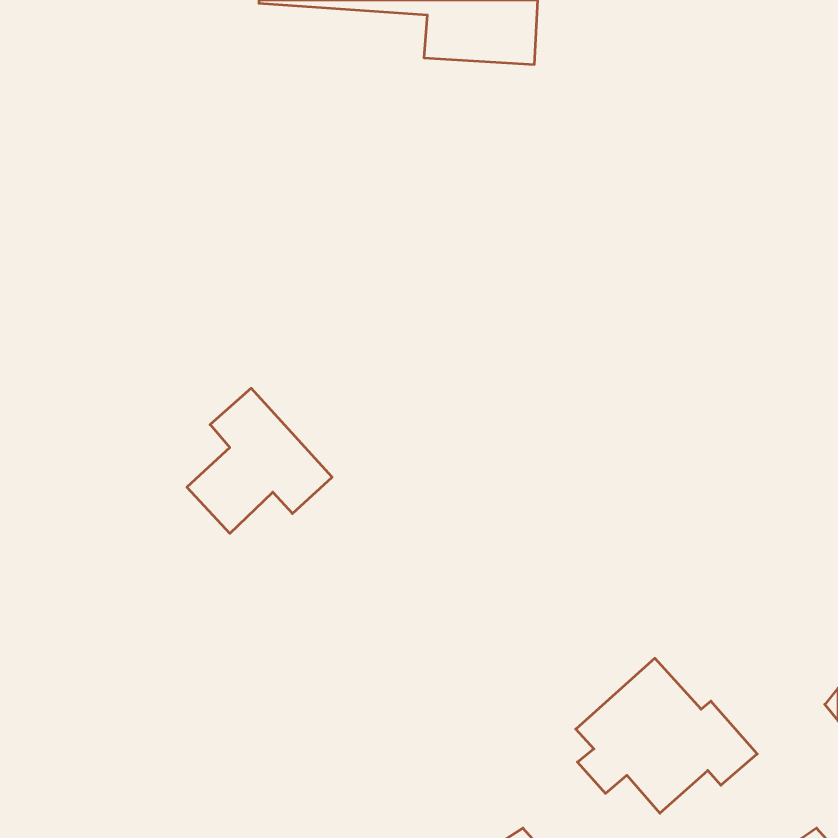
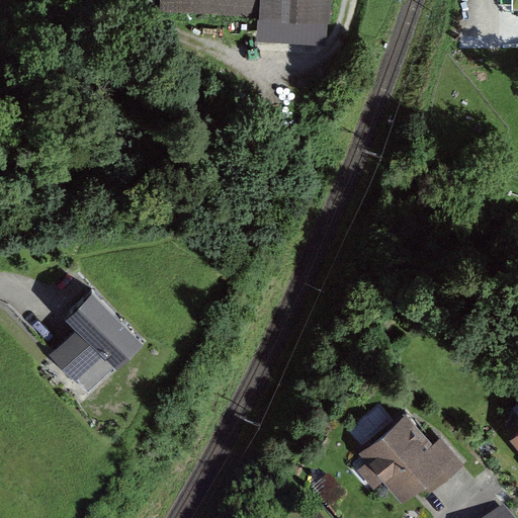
building: [187,388,332,533] -> [50,296,139,385]

